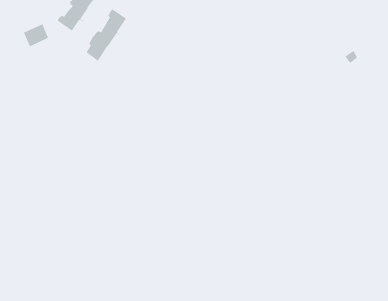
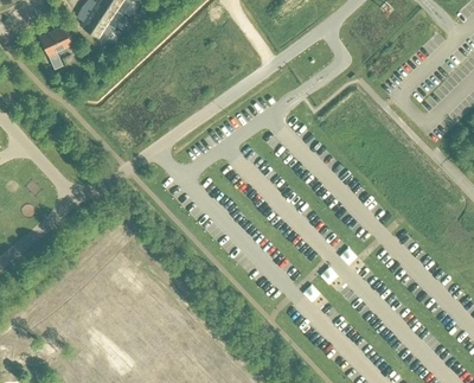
building: [86,8,130,62] -> none

